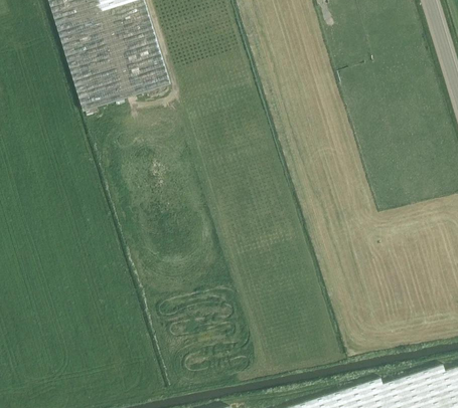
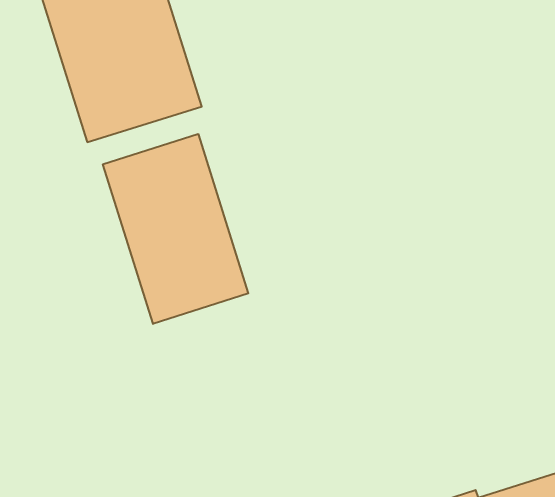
building: none -> [103,134,248,324]

